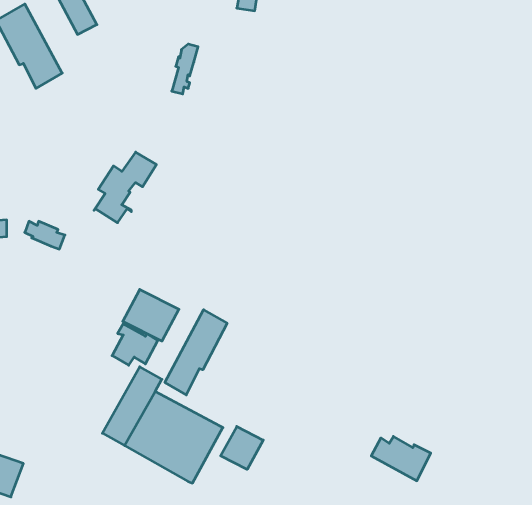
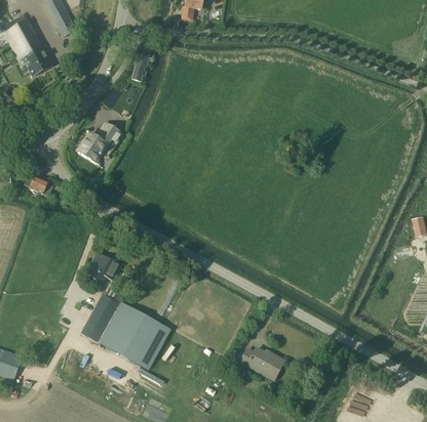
building: [123,289,179,341] -> none
building: [165,310,227,395] -> none
building: [221,426,263,469] -> none
building: [371,436,431,481] -> [240,347,284,380]

